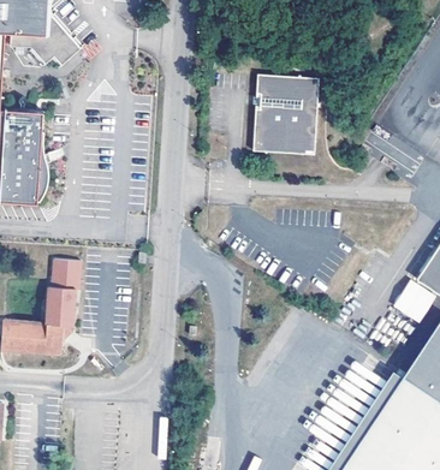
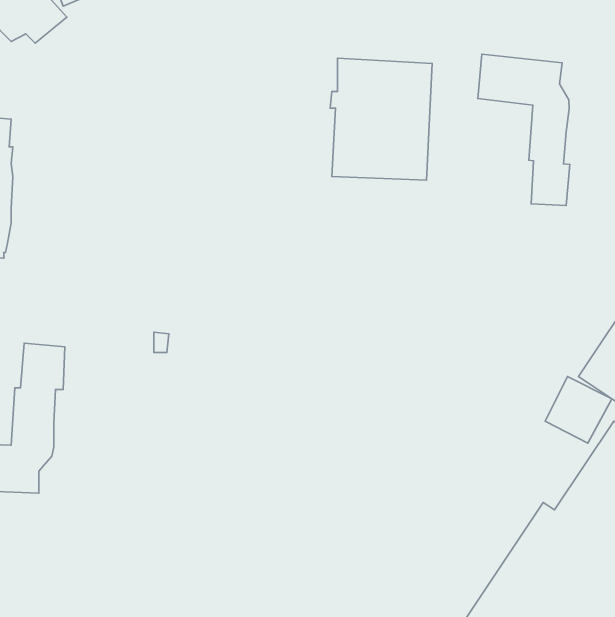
building: none -> [478,54,570,205]

